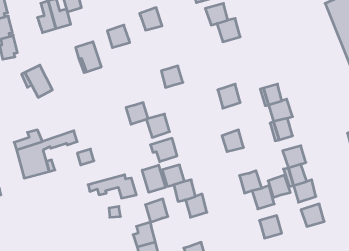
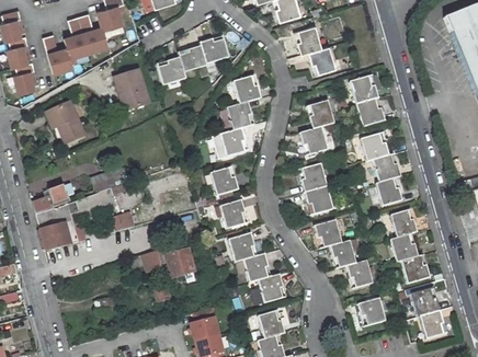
building: none -> [42,34,71,73]
building: none -> [175,36,206,67]
building: none -> [230,76,261,105]
building: none -> [349,77,387,128]
building: none -> [304,101,334,130]
building: [126,103,148,124] -> [219,127,249,156]
building: none -> [299,164,328,194]
building: [142,165,165,192] -> none
building: [268,175,290,197] -> [312,220,342,250]
building: [145,199,168,222] -> [257,309,286,339]
building: none -> [418,307,447,336]

